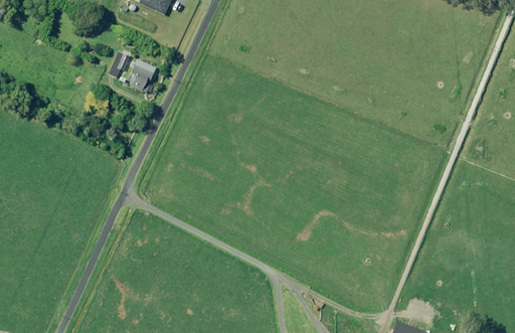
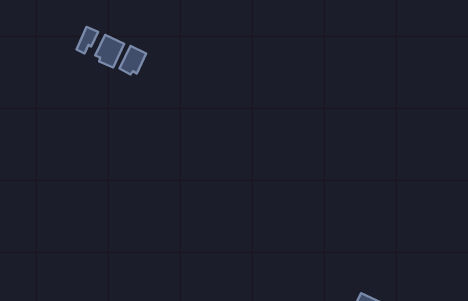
building: none -> [119,46,146,74]

